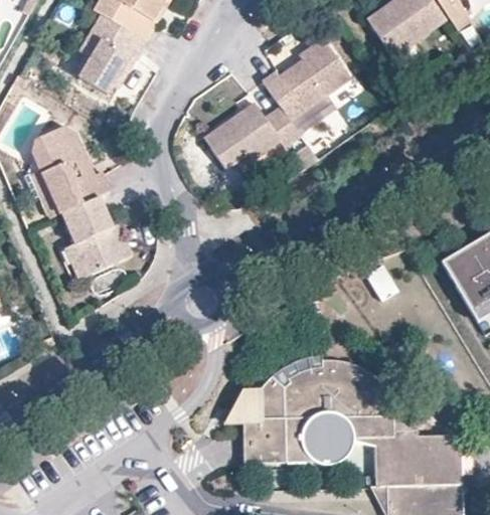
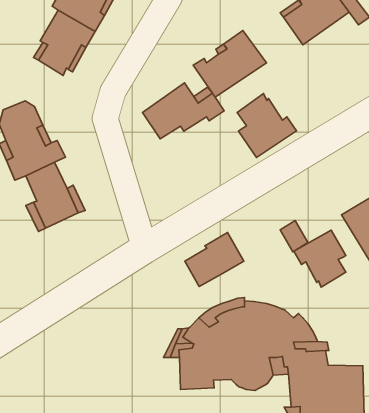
building: none -> [237,94,296,158]
building: none -> [294,230,346,287]
building: none -> [185,232,244,286]

